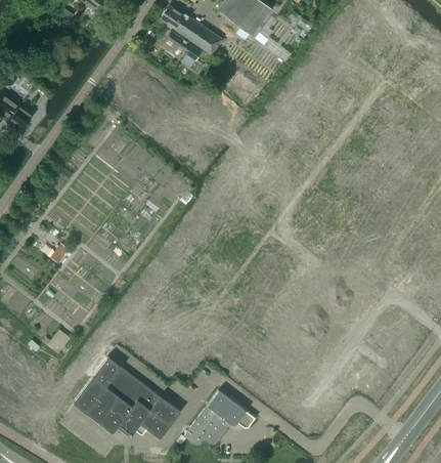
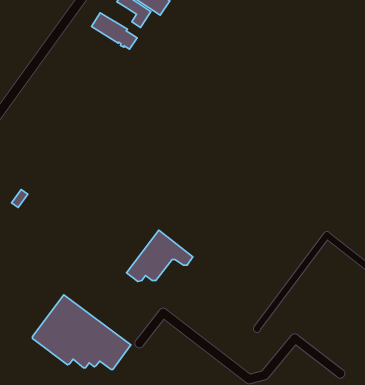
building: none -> [91,13,137,49]
building: [183,389,255,445] -> [127,230,193,281]

